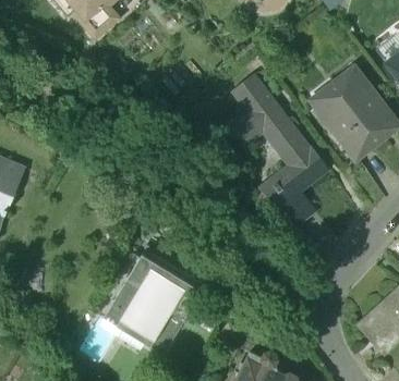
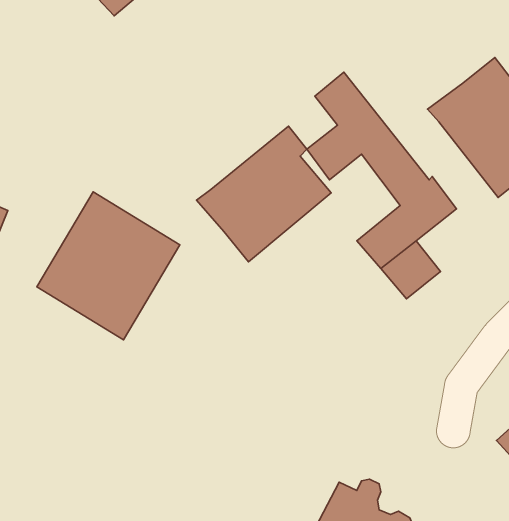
building: none -> [196,126,331,262]
building: [104,255,201,355] -> [37,192,180,340]

